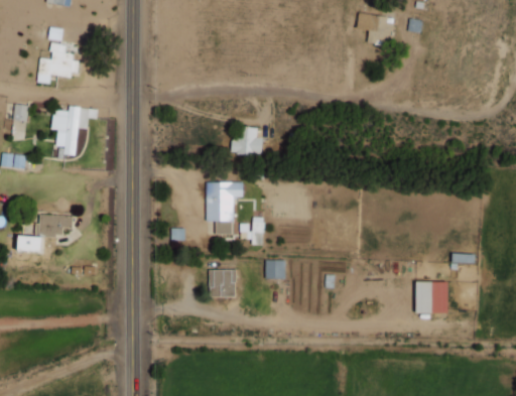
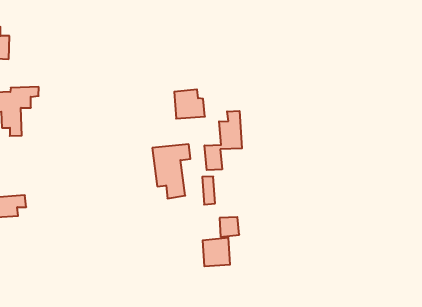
building: none -> [205,111,242,170]
building: [209,270,236,297] -> [203,238,230,266]
building: [415,282,448,313] -> none

